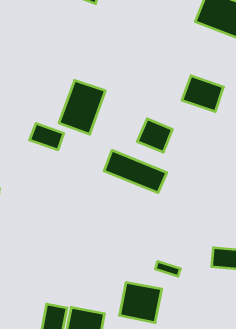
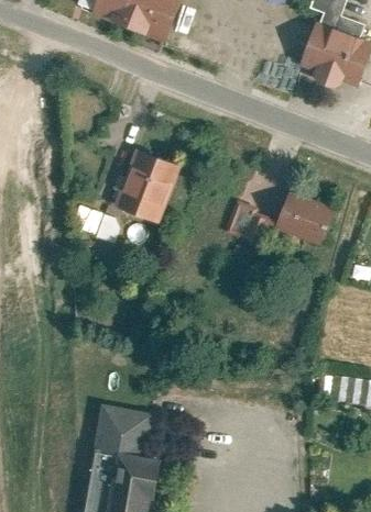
building: [182,76,224,112] -> [272,196,328,244]
building: [104,150,167,193] -> none
building: [119,283,162,323] -> [101,403,159,457]

